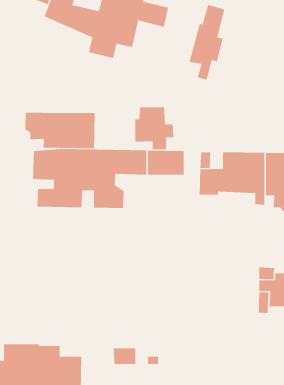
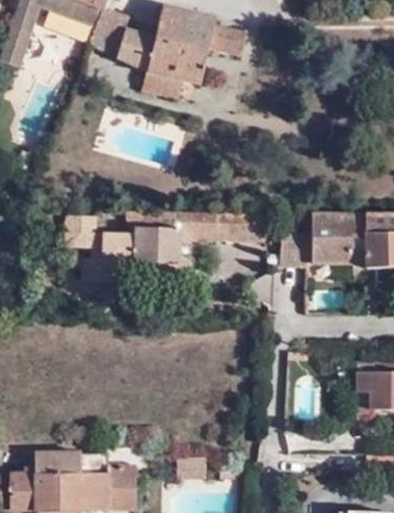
building: [189,4,225,81] -> none
building: [135,107,174,150] -> none
building: [25,112,95,149] -> none

